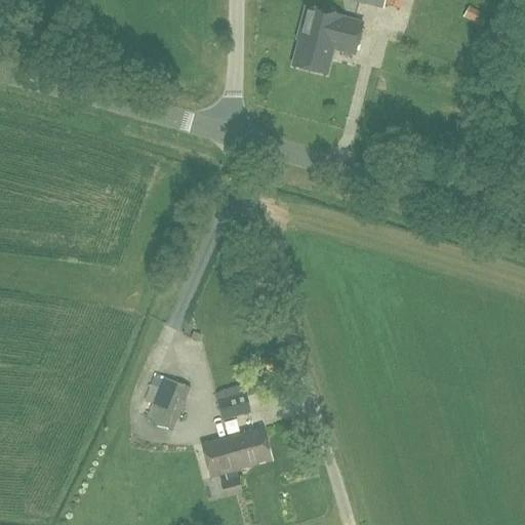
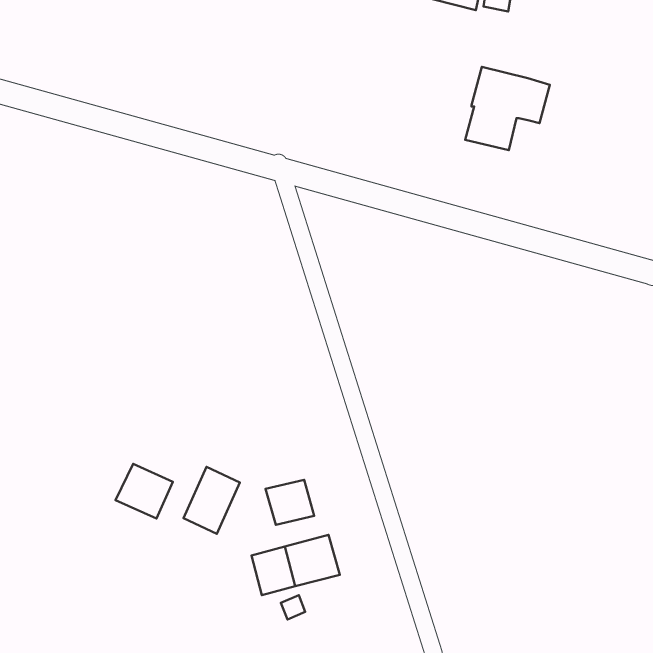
building: [292,7,360,74] -> [465,67,550,150]
building: none -> [115,464,173,518]

